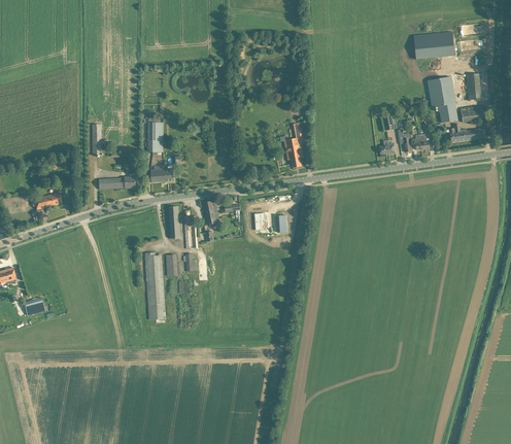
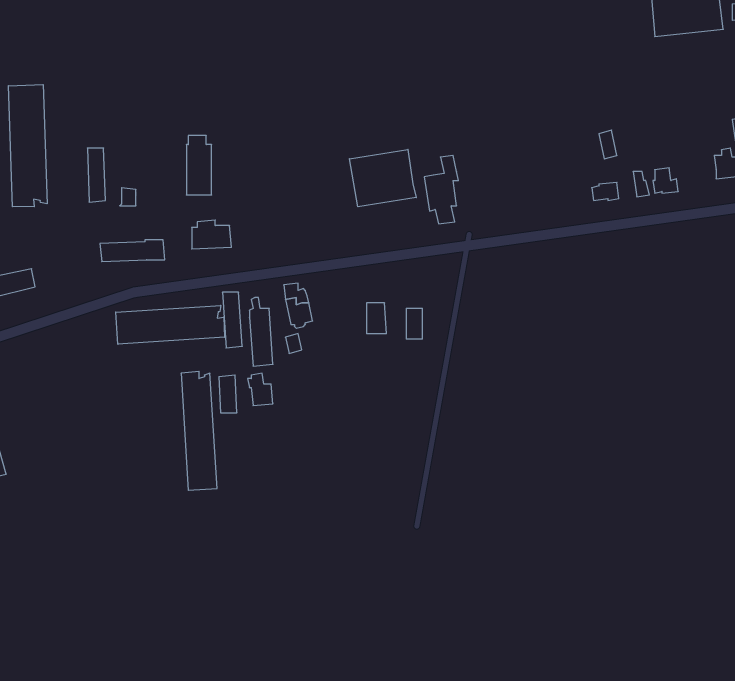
building: [428,76,456,122] -> none
building: none -> [8,85,47,207]
building: none -> [349,149,416,207]
building: none -> [116,305,224,344]

